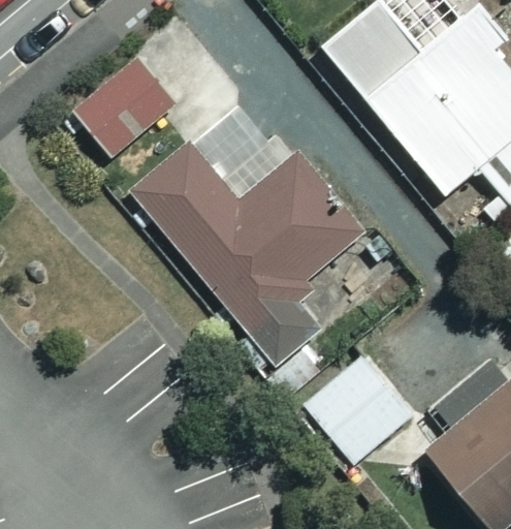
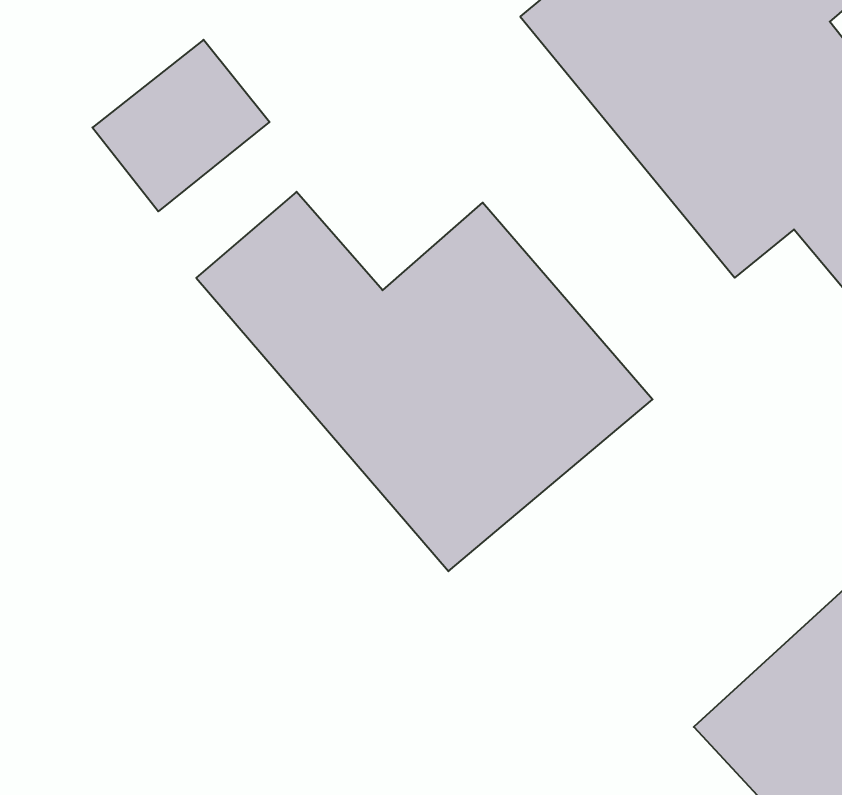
building: [304,352,414,462] -> none

